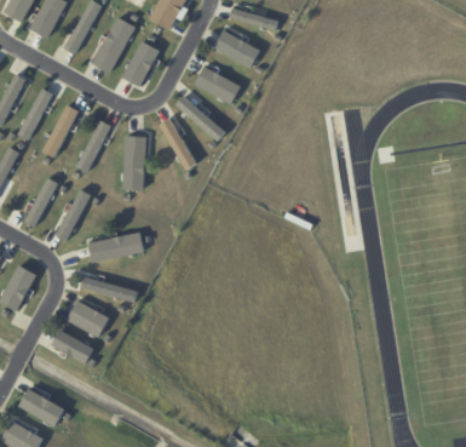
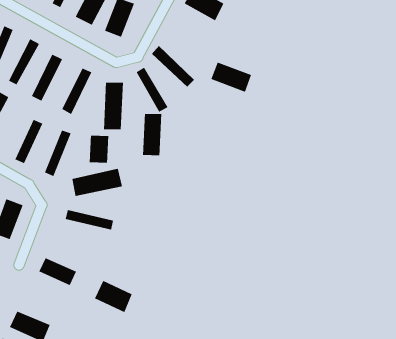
building: [194,68,240,102] -> [210,62,252,92]
building: none -> [143,113,162,156]
building: none -> [89,135,109,164]
building: [65,300,108,337] -> [94,280,132,313]

